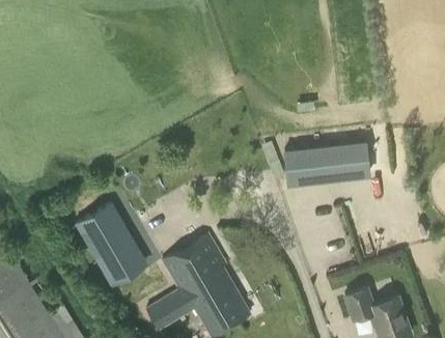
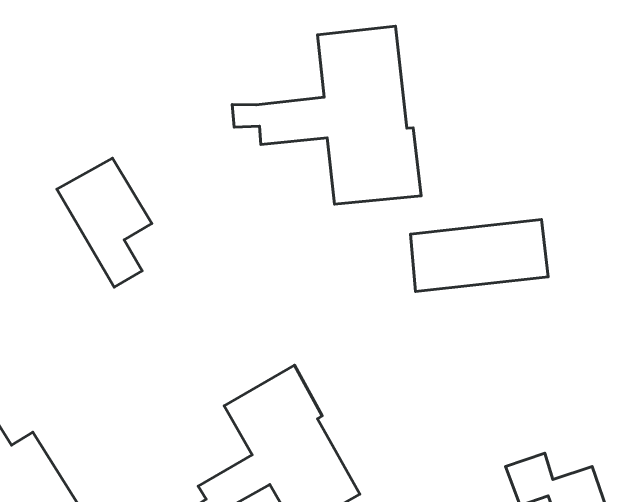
building: none -> [232,26,421,204]
building: [77,203,137,285] -> [57,158,152,287]

